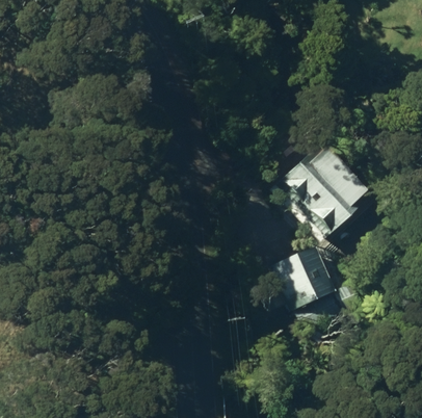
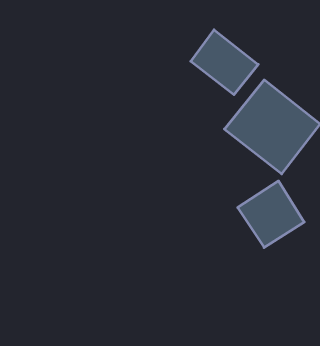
building: none -> [191,30,258,95]

